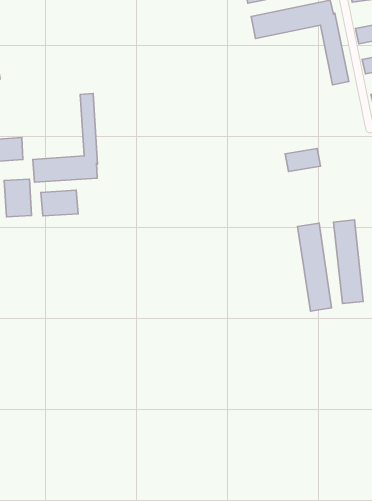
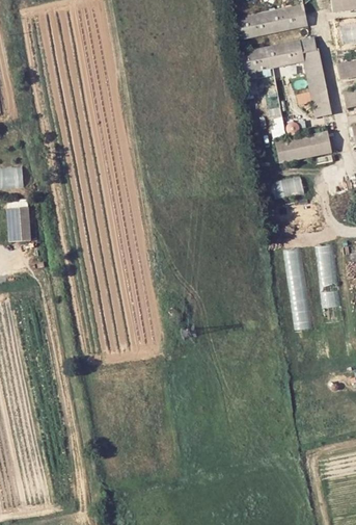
building: [33,94,98,182] -> none
building: none -> [275,131,332,162]
building: [41,190,78,216] -> none

